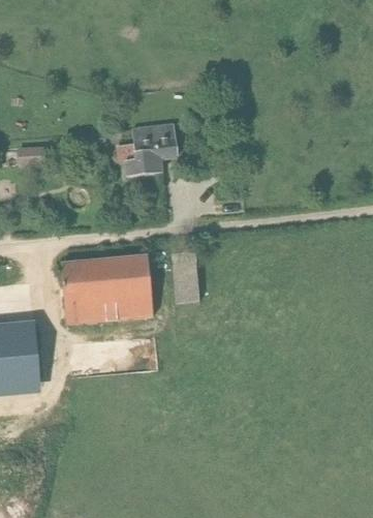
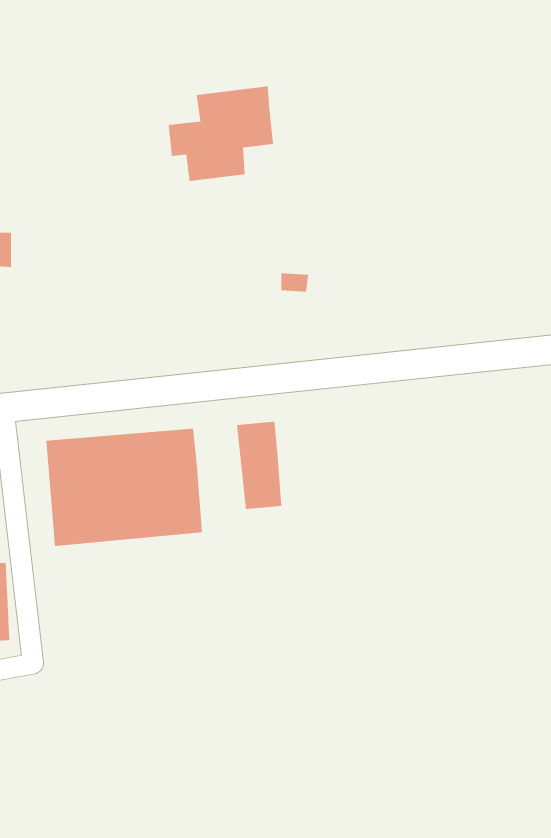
building: [115,121,177,177] -> [168,86,274,181]

